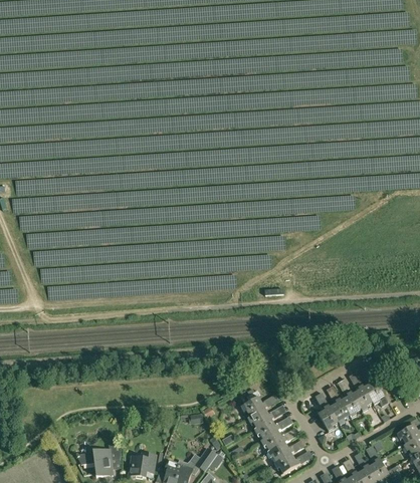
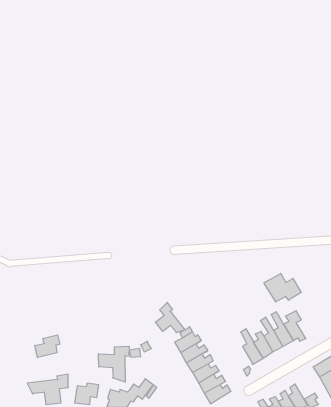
building: none -> [264,273,301,302]
building: none -> [155,302,185,333]
building: none -> [35,335,60,358]
building: none -> [99,346,129,382]

